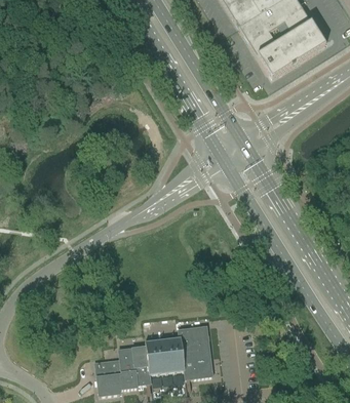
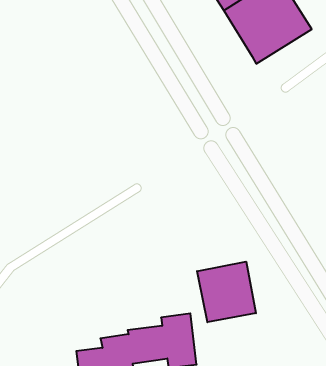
building: none -> [197,262,256,322]

